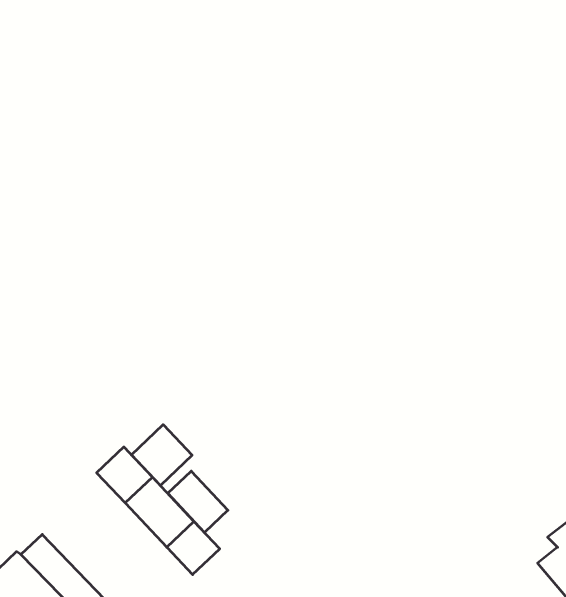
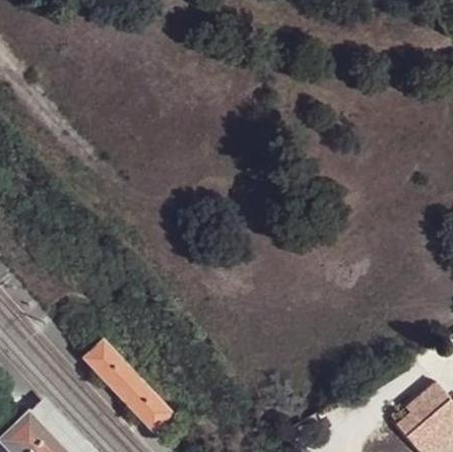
building: [131,425,192,485] -> none
building: [168,471,228,532] -> none

